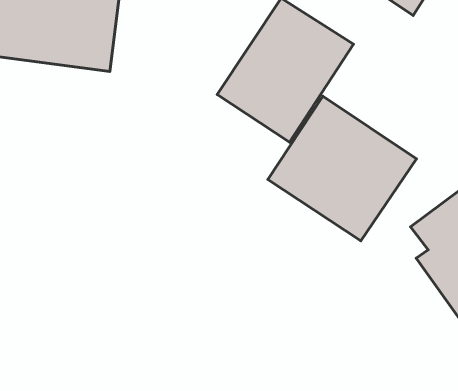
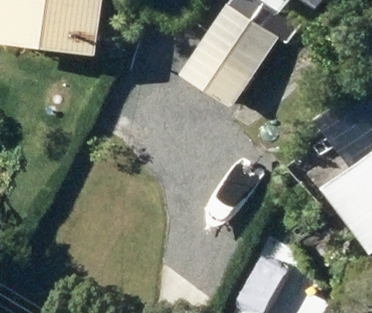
building: [268,96,416,241] -> none

